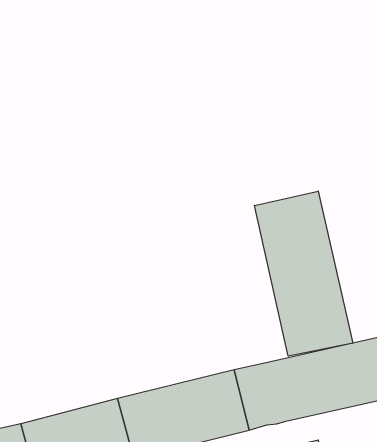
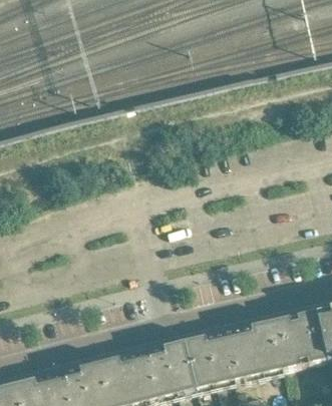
building: [255,191,353,356] -> none

